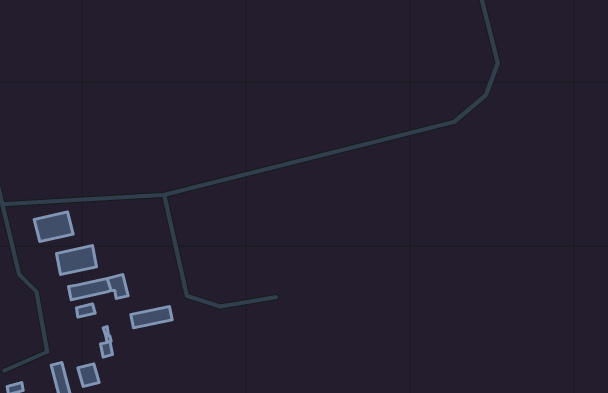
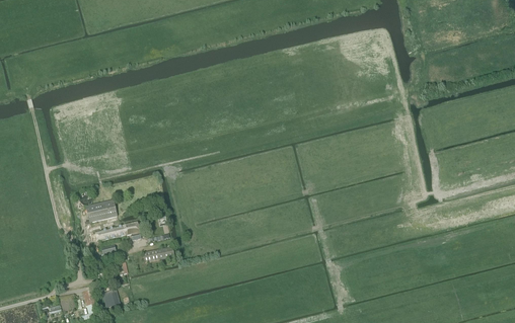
building: [34,212,73,242] -> none

